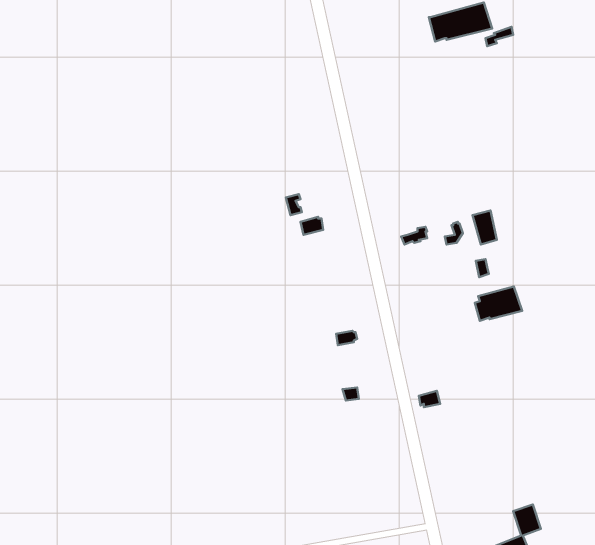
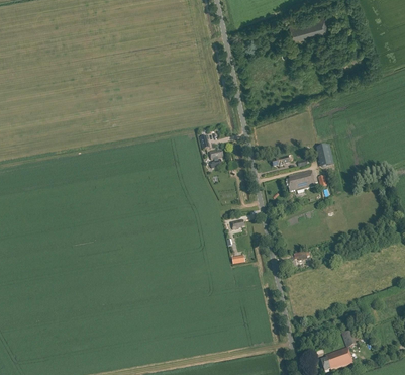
building: [475,287,522,321] -> [287,170,316,191]

